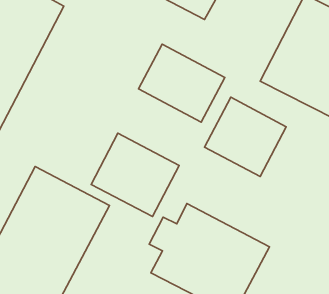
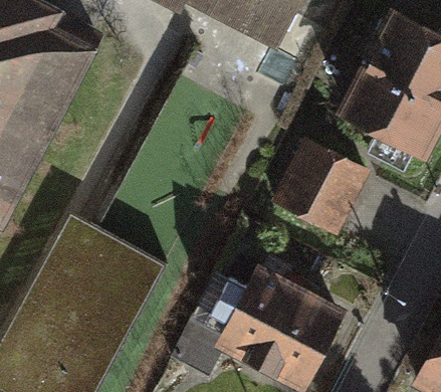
building: [139,44,225,122] -> none
building: [91,133,179,217] -> none

